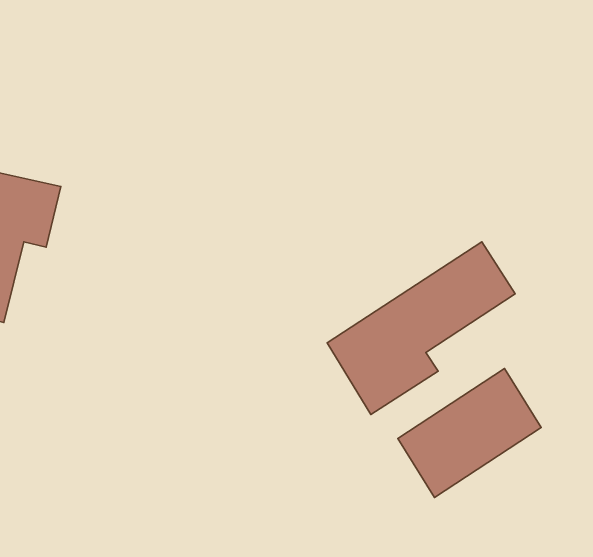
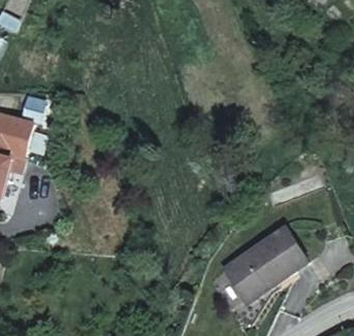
building: [327,242,515,415] -> none

